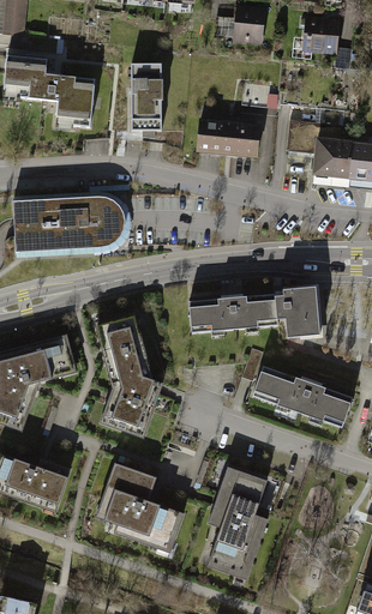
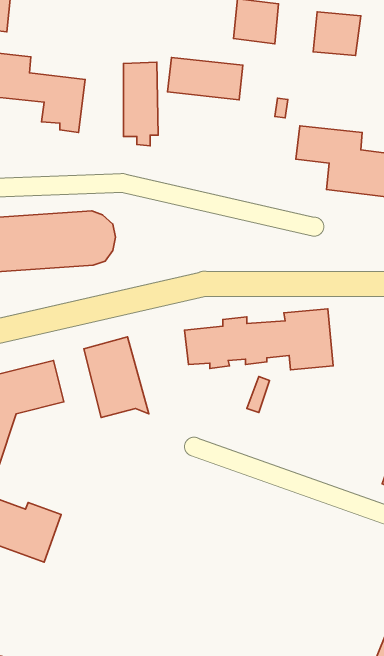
building: [197,118,265,156] -> [167,57,243,100]
building: [248,363,353,429] -> none
building: [98,373,162,435] -> none
building: [96,459,186,552] -> none
building: [208,465,268,576] -> none

